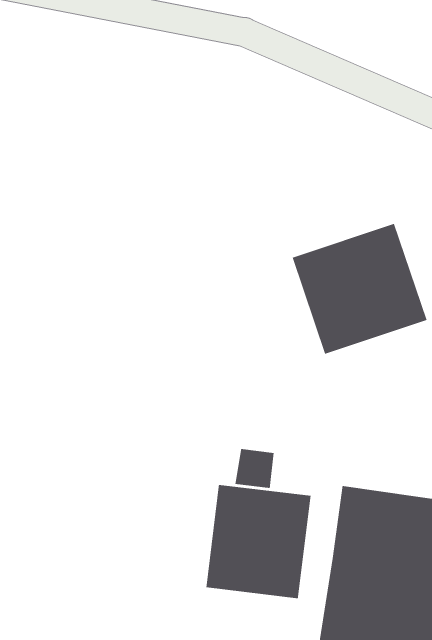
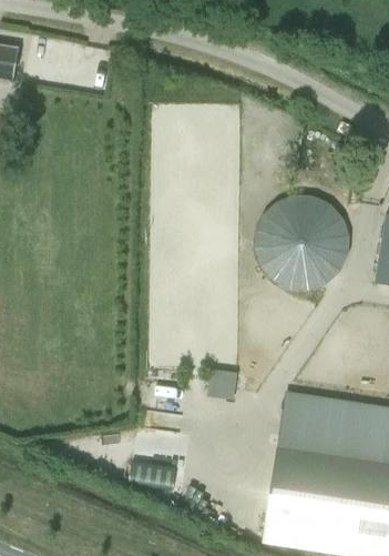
building: [206,484,311,599] -> none

